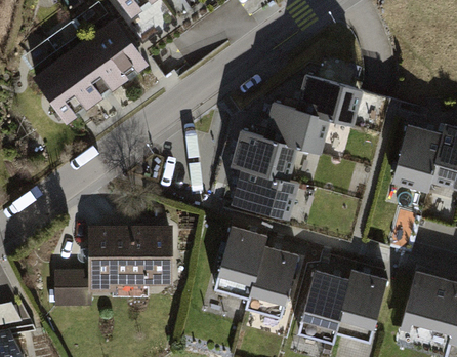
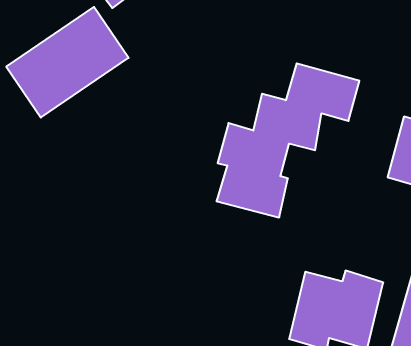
building: [54,225,174,306] -> none
building: [213,226,299,318] -> none

